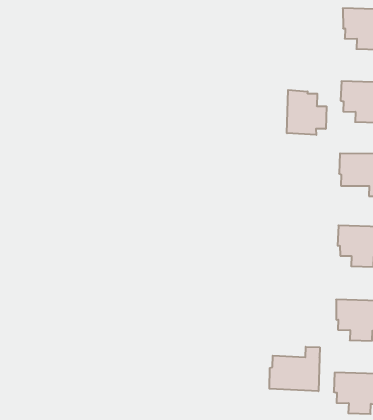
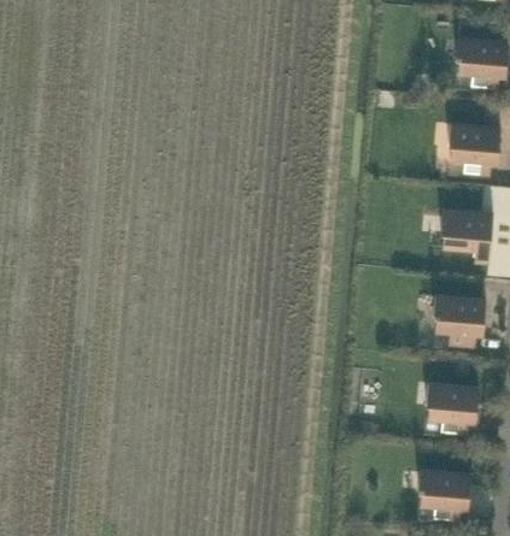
building: [287,90,326,135] -> none
building: [269,347,320,391] -> none

